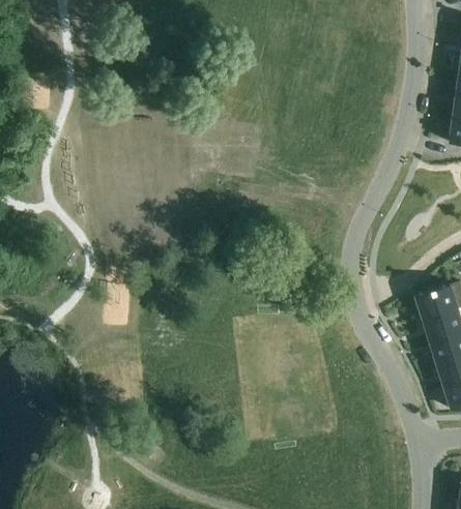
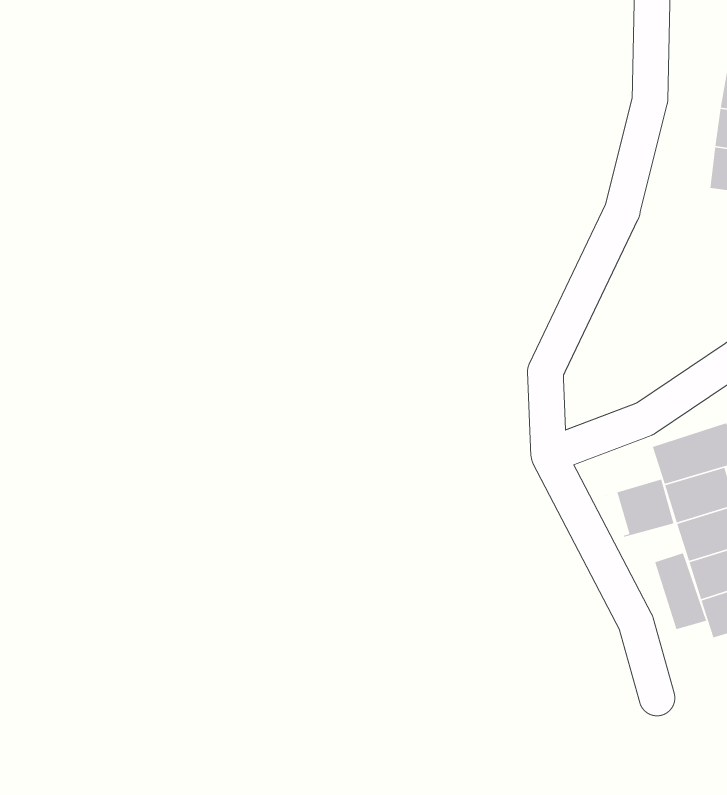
building: none -> [604,478,675,538]
building: none -> [654,552,707,630]

